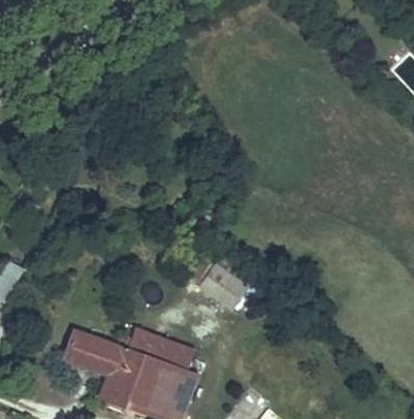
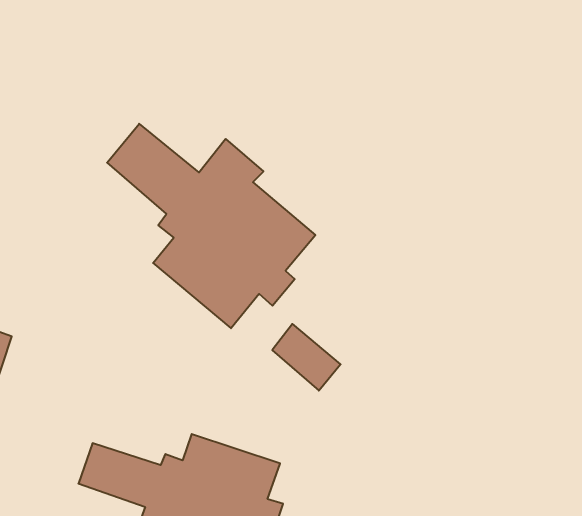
building: none -> [107,124,315,328]

